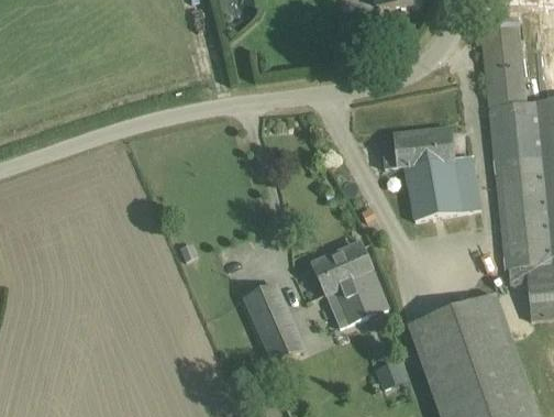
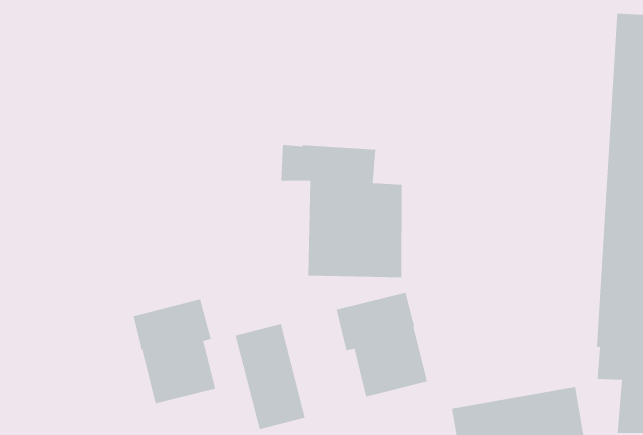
building: [383,133,485,232] -> [281,144,402,278]
building: none -> [133,298,216,404]

